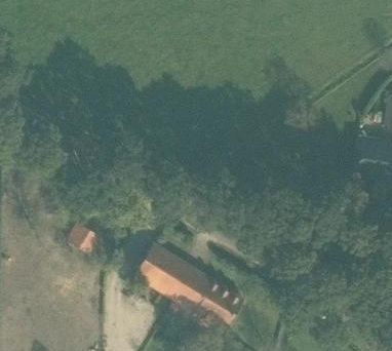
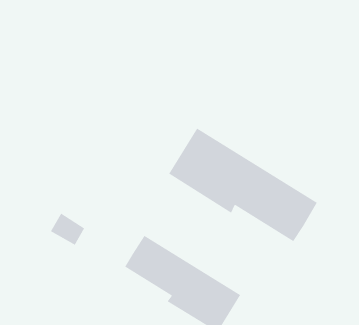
building: none -> [168,128,318,242]

